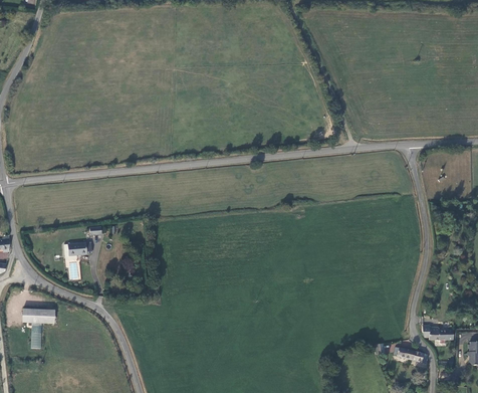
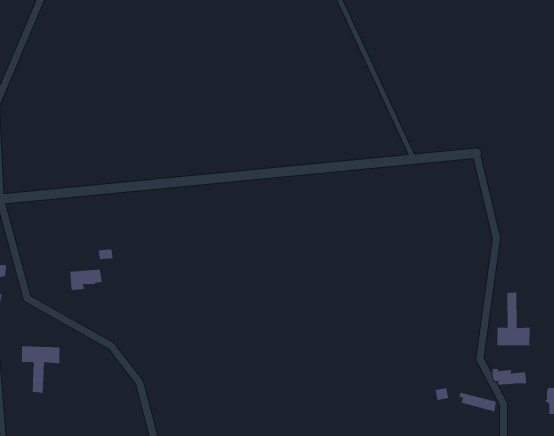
building: none -> [497,292,530,346]

